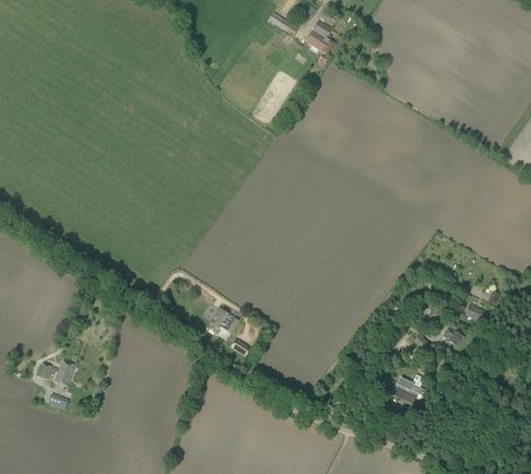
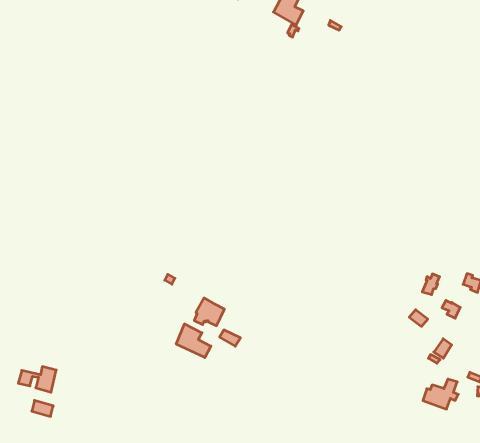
building: none -> [176,324,211,358]
building: [390,374,424,402] -> [423,379,458,409]

